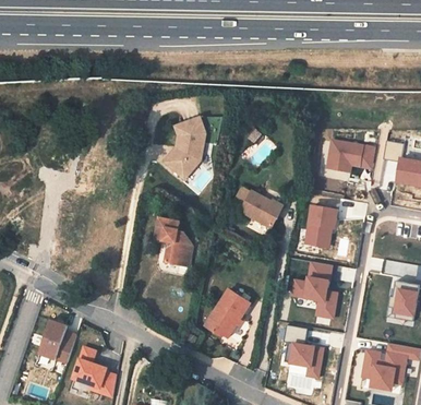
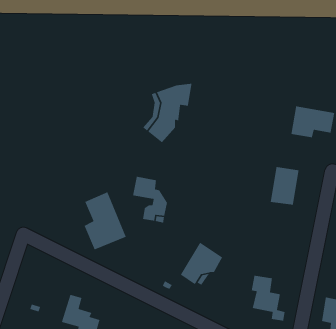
building: [240,191,282,228] -> none
building: none -> [84,191,127,251]
building: [302,260,339,318] -> none
building: [38,320,75,361] -> none

